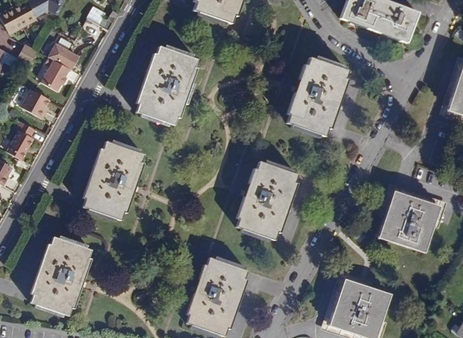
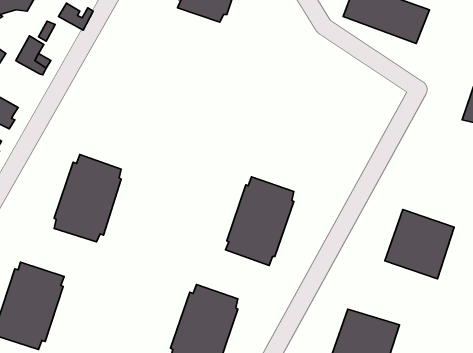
building: [135,46,196,125] -> none
building: [286,57,347,136] -> none
building: [42,58,69,90] -> none

